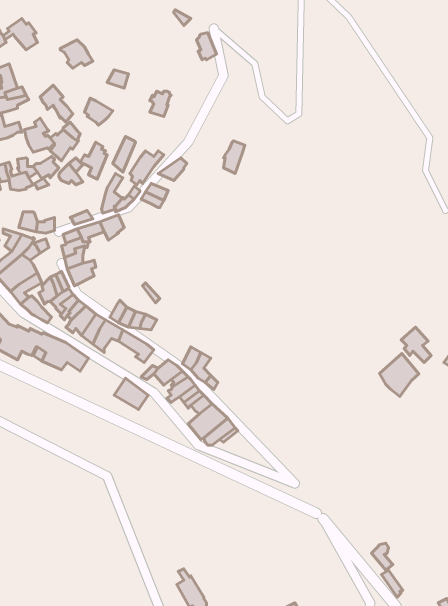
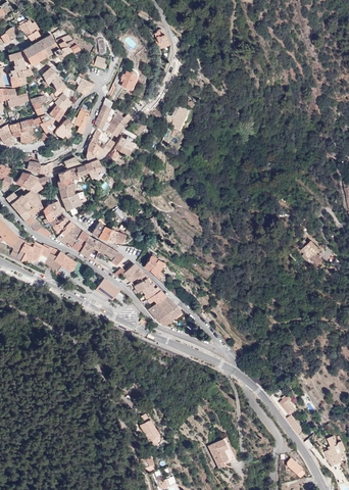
building: none -> [20,34,58,65]
building: [379,354,419,396] -> none

